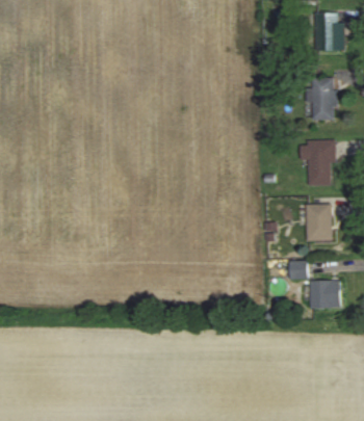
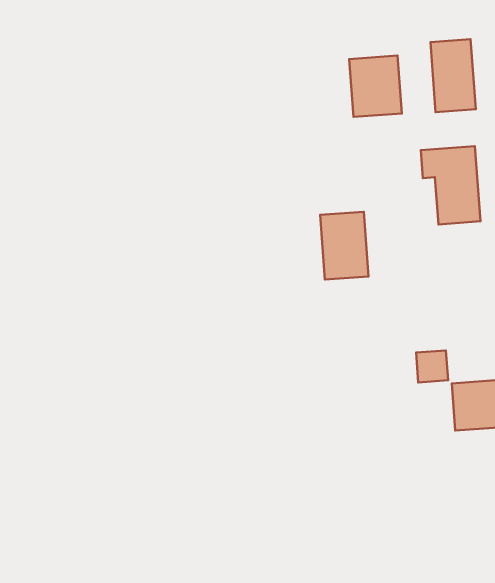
building: none -> [349,56,402,117]
building: [306,203,332,241] -> [320,212,369,280]

